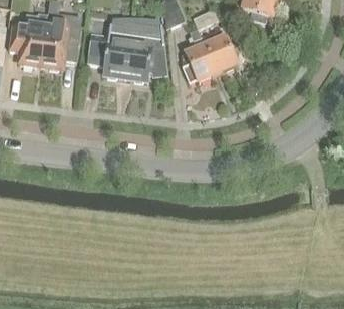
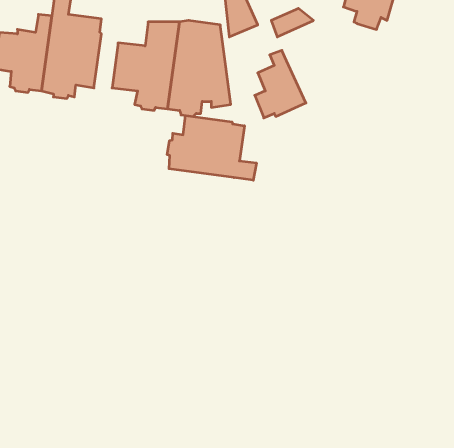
building: [202,29,237,72] -> none
building: none -> [167,116,256,180]

